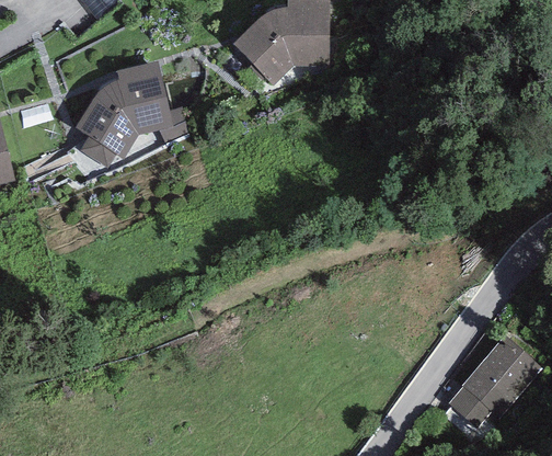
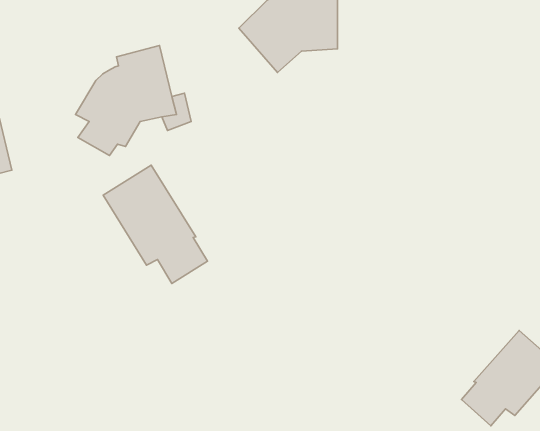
building: none -> [103,165,208,283]

